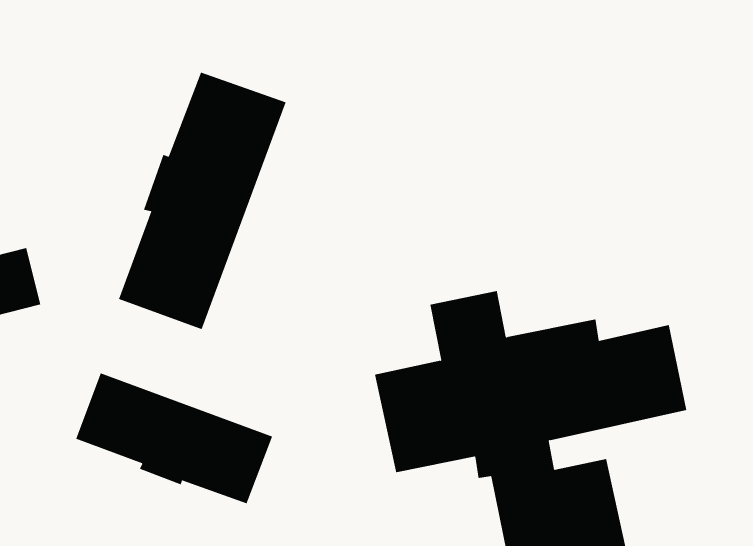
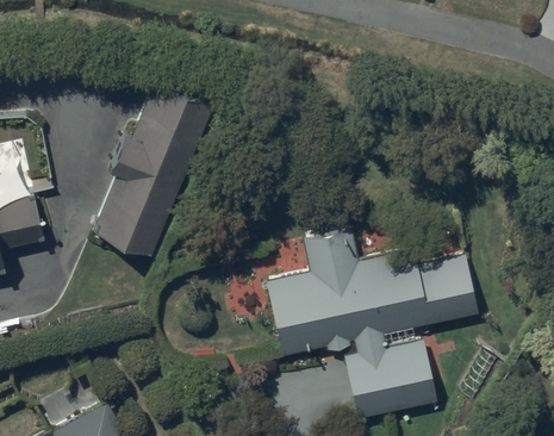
building: [75,372,273,504] -> none

